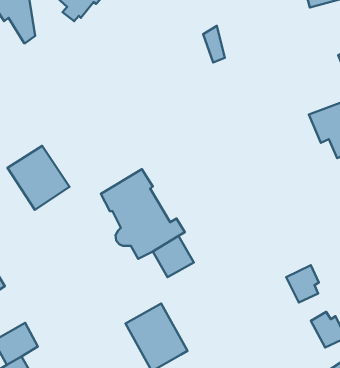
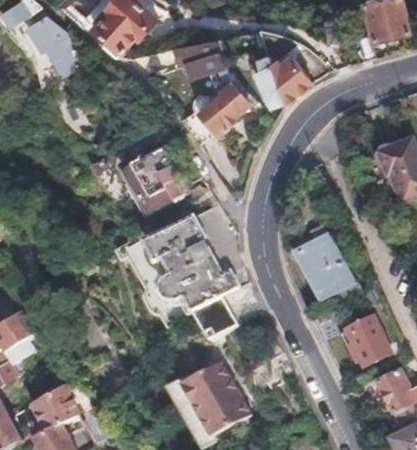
building: none -> [174,36,254,129]
building: none -> [273,56,312,104]
building: [7,146,69,210] -> [119,143,187,213]
building: none -> [299,229,358,307]

